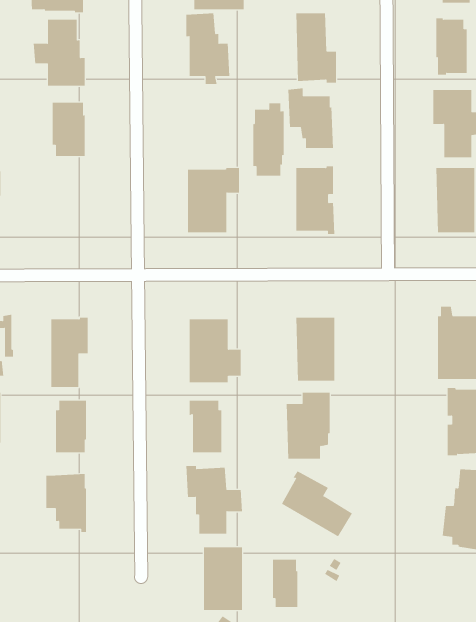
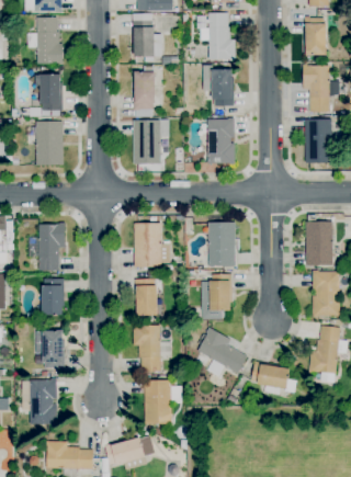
building: [253,103,284,176] -> [134,67,156,117]
building: none -> [37,122,65,166]
building: none -> [251,362,291,396]
building: none -> [23,378,58,427]
building: [273,559,298,608] -> none

